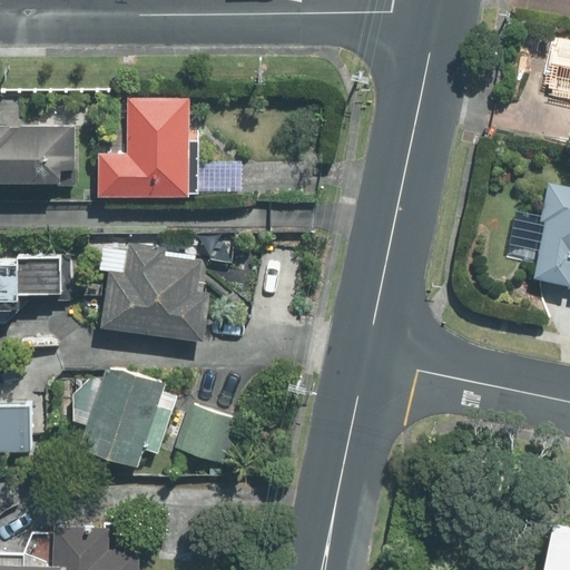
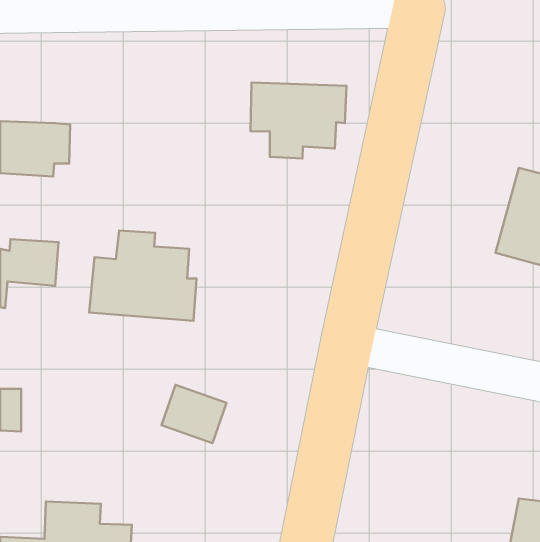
building: none -> [251,82,346,159]
building: [95,99,244,198] -> none
building: [73,363,179,470] -> none

